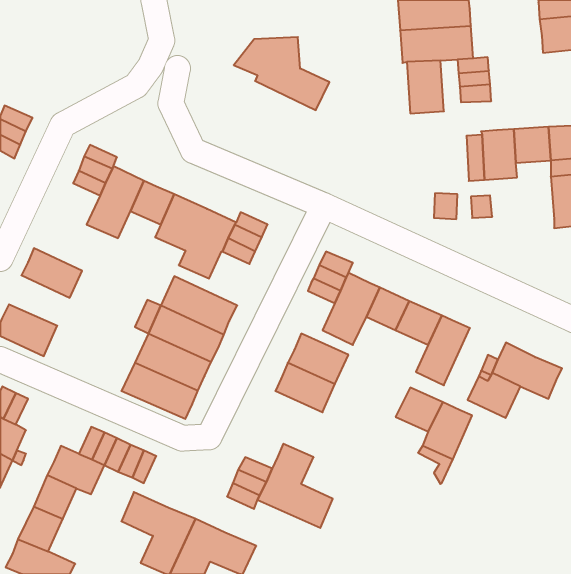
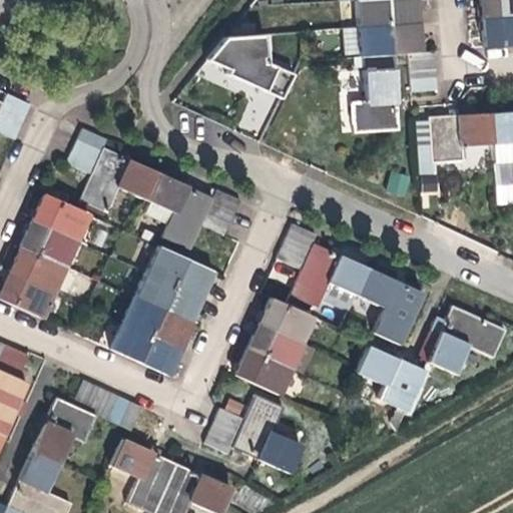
building: none -> [355,99,401,131]
building: none -> [33,195,88,241]
building: none -> [11,245,65,291]
building: none -> [236,349,291,394]

